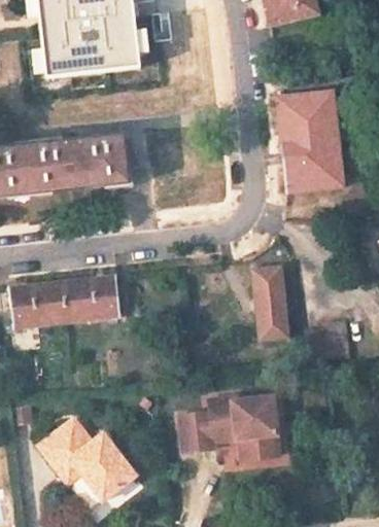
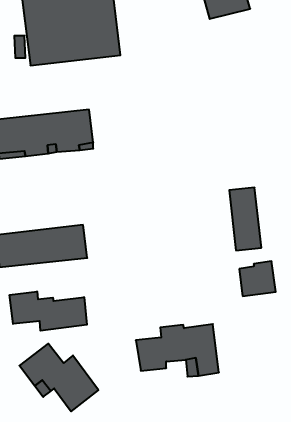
building: [275,90,343,192] -> none
building: [250,265,289,341] -> [229,188,261,250]
building: none -> [10,291,87,331]

